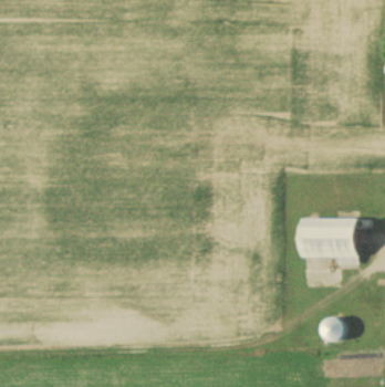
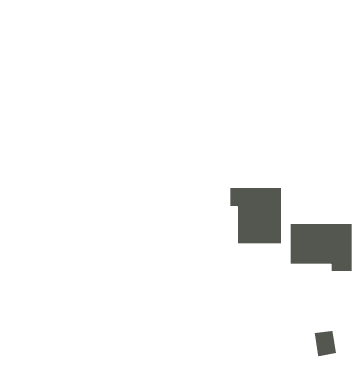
building: none -> [230,187,281,244]

